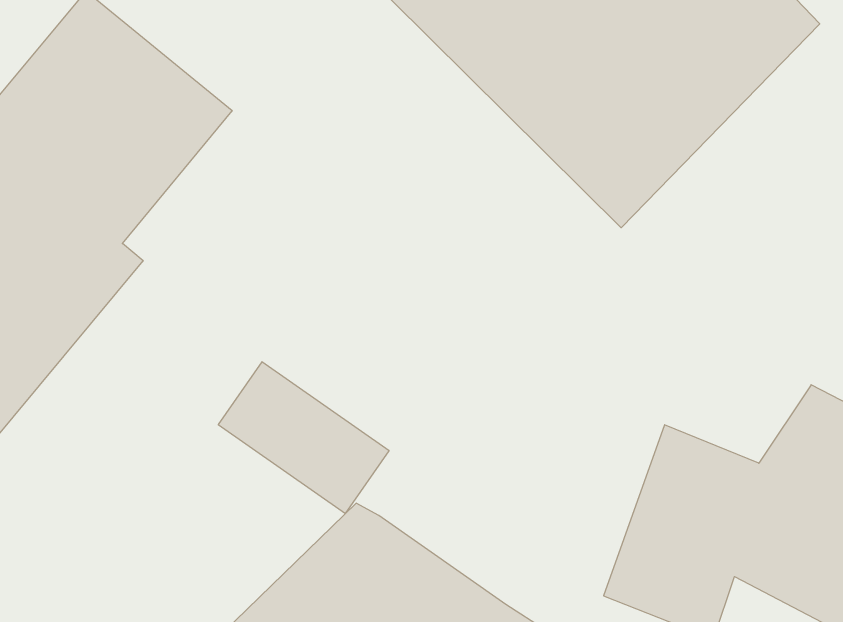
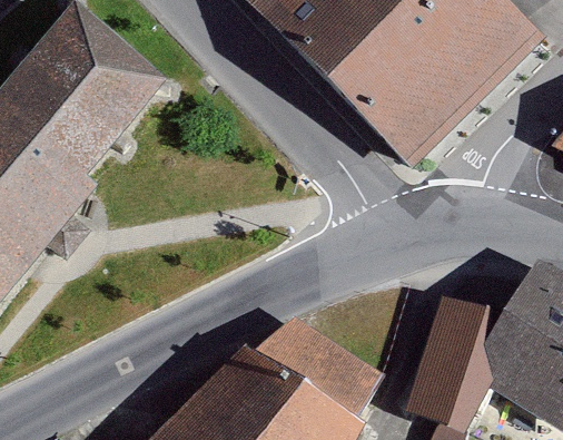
building: [218,362,389,513] -> [260,311,369,408]

